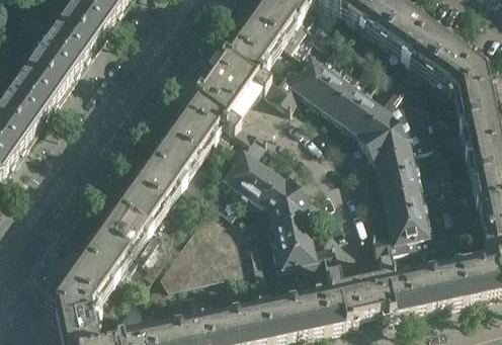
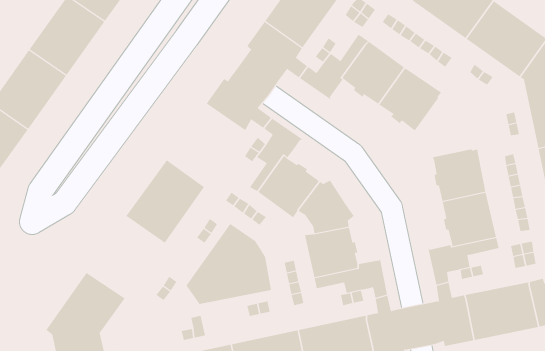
building: [356,85,430,158] -> none
building: [150,108,217,179] -> none
building: [82,203,149,273] -> none

